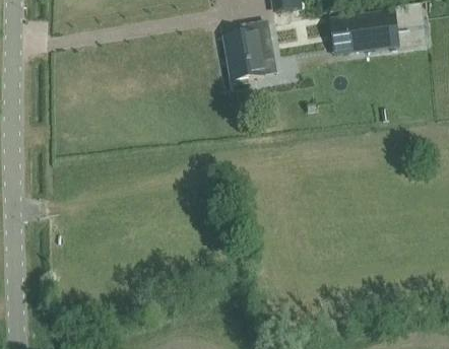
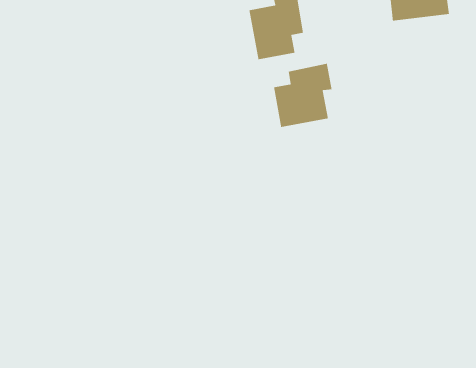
building: none -> [273,63,333,128]

